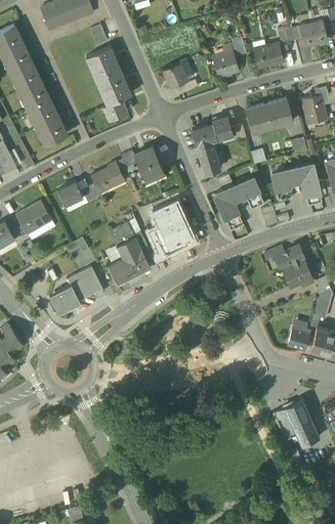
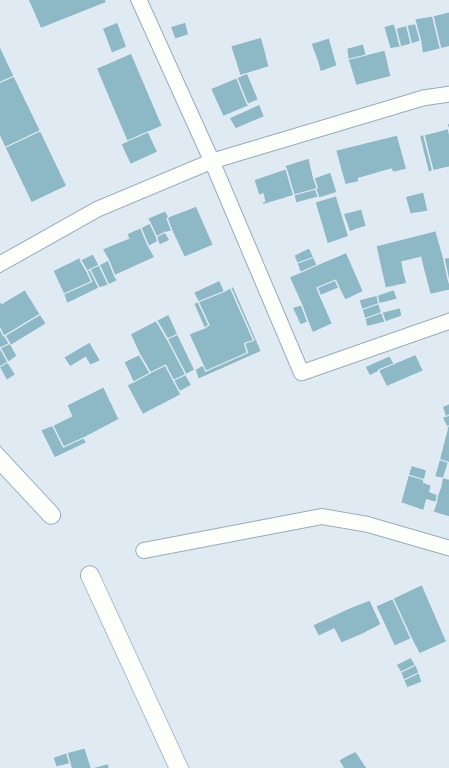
building: [212,50,238,76] -> [231,37,269,76]
building: [197,141,219,173] -> [315,196,349,244]
building: [281,256,312,285] -> none
building: none -> [313,600,381,643]

